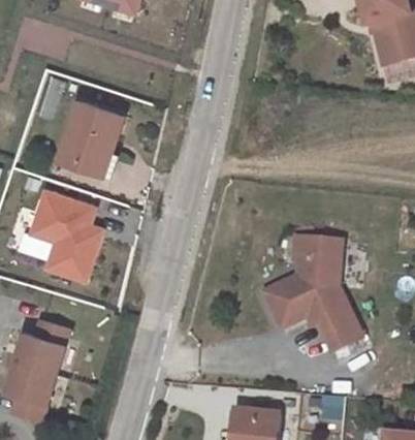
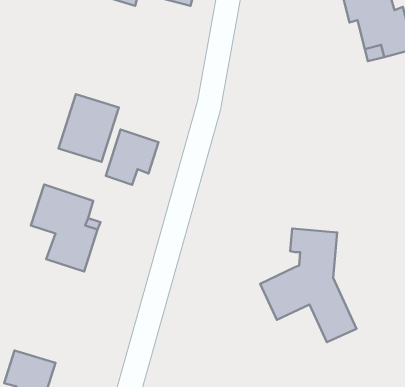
building: none -> [106,130,158,185]
building: [17,318,72,371] -> none

